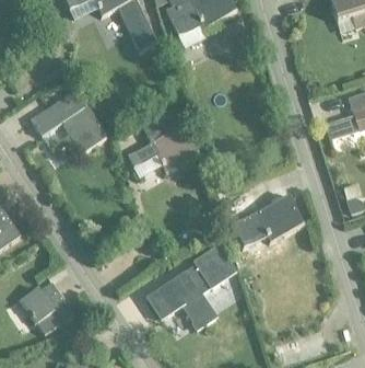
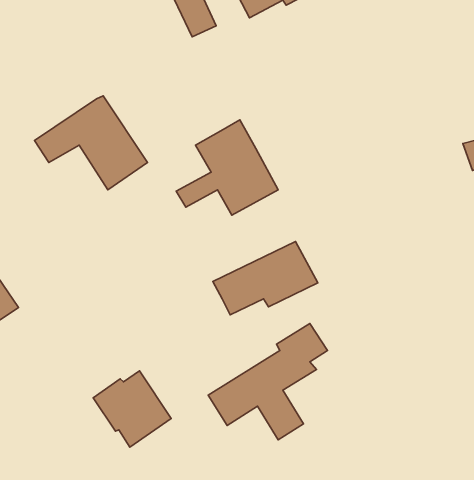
building: [232,196,304,246] -> [213,242,318,315]
building: [17,283,71,335] -> [93,371,171,447]

